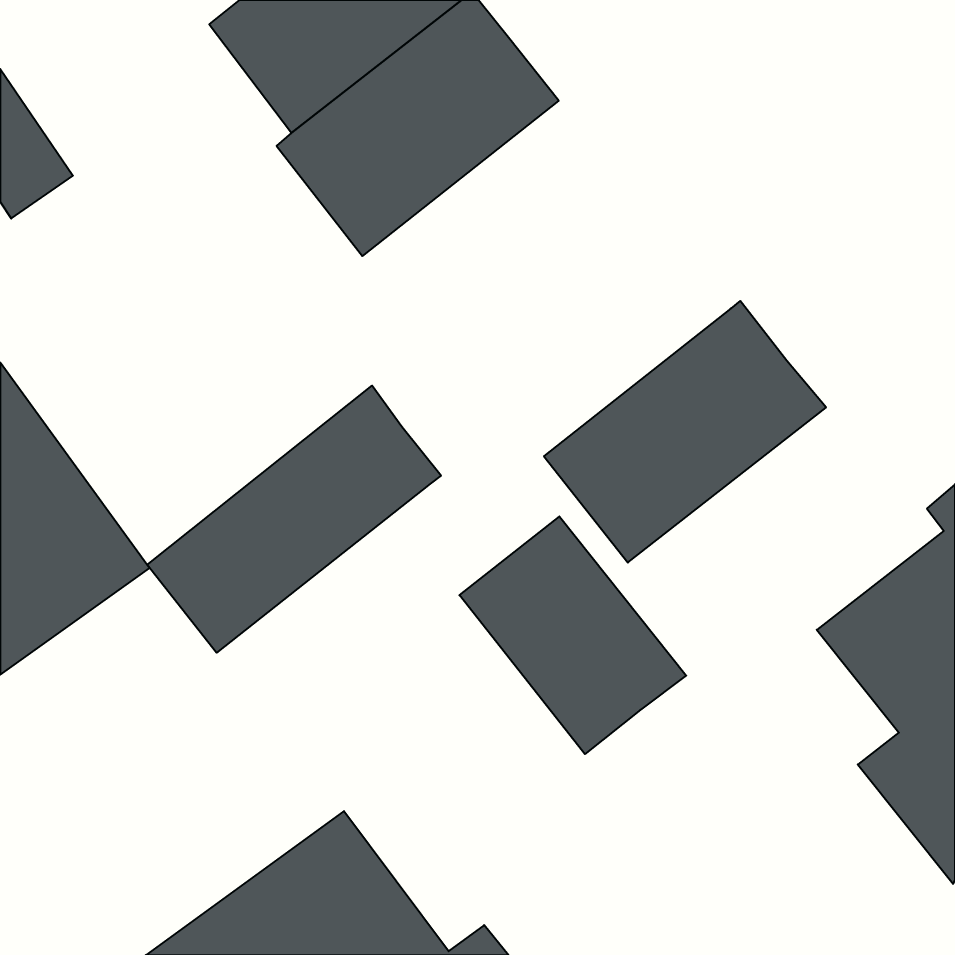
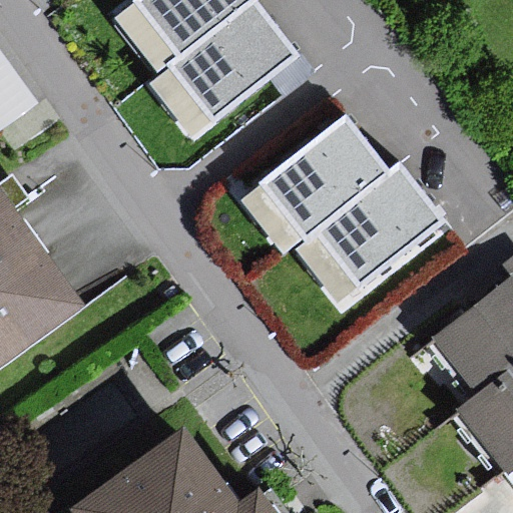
building: none -> [235,107,392,252]
building: [147,386,441,653] -> none
building: [459,516,686,754] -> none

